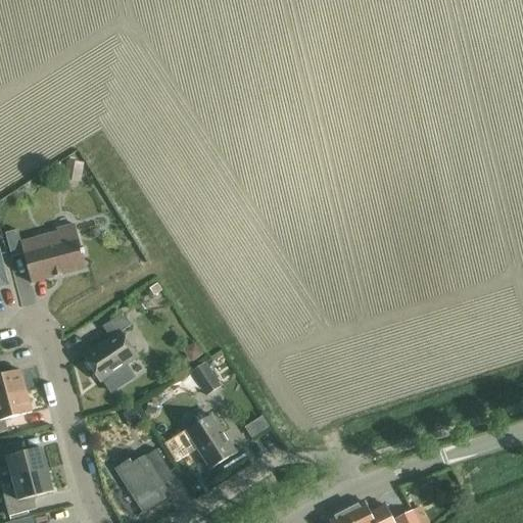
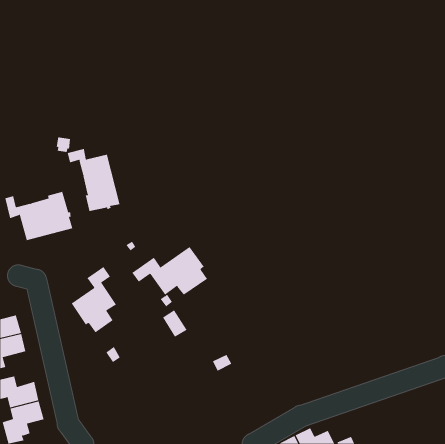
building: none -> [67,148,120,212]
building: none -> [131,246,208,296]
building: [165,415,234,468] -> none
building: [114,448,172,512] -> none

